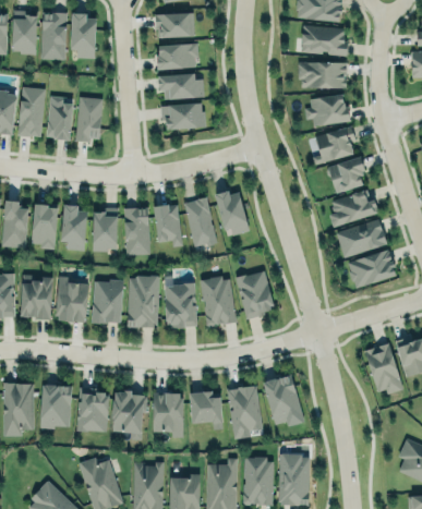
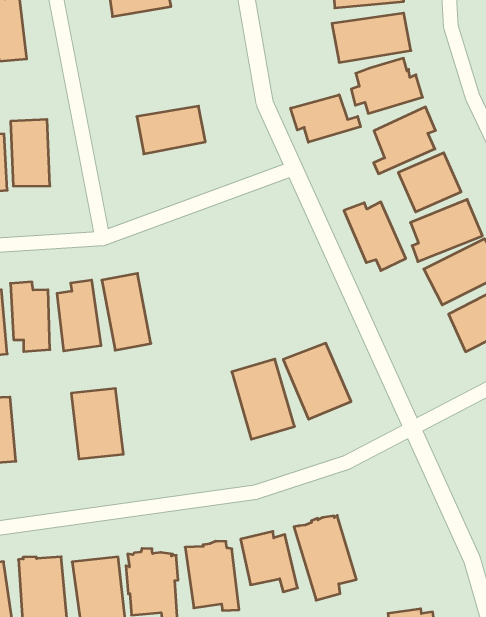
building: [157,43,198,66] -> none
building: [159,72,205,98] -> none
building: none -> [291,95,361,142]
building: [215,190,251,235] -> [344,202,406,271]
building: [185,198,216,249] -> none
building: [154,203,183,246] -> none
building: [56,275,89,322] -> none
building: [128,275,159,326] -> none
building: [165,276,197,326] -> none
building: [264,374,303,423] -> none

